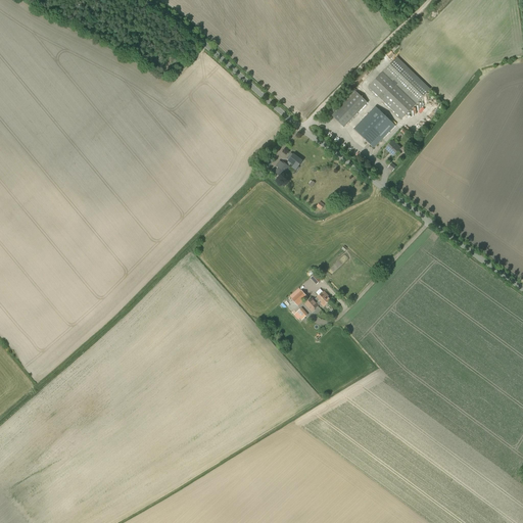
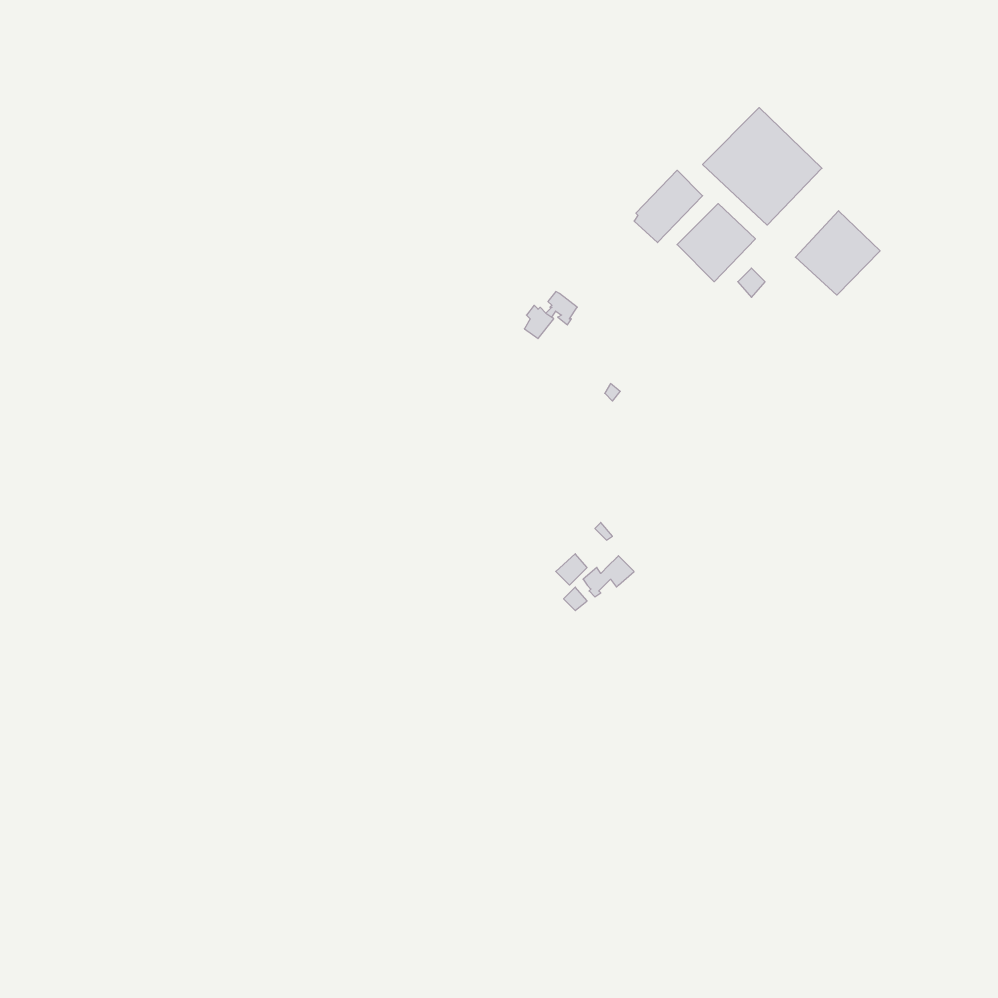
building: none -> [795,211,880,295]

